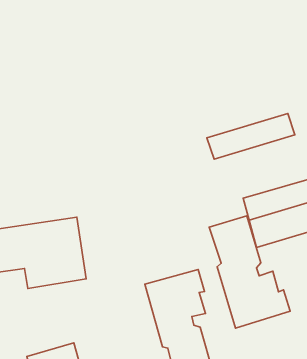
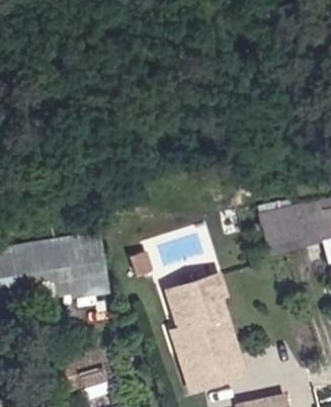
building: [207,114,295,159] -> none
building: [209,216,290,328] -> none

